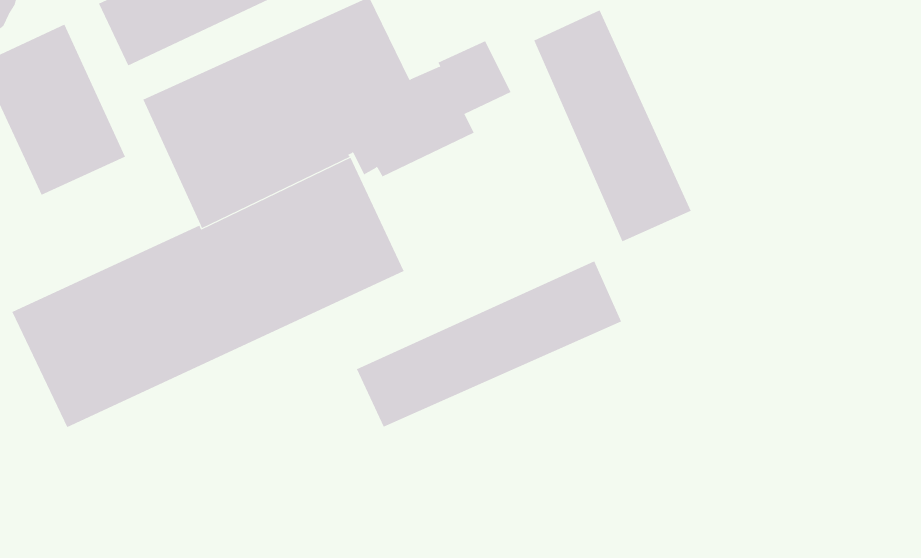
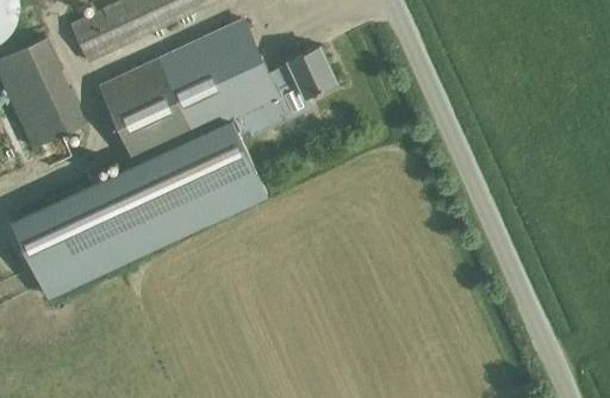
building: [533,10,692,242] -> none
building: [356,260,622,428] -> none

